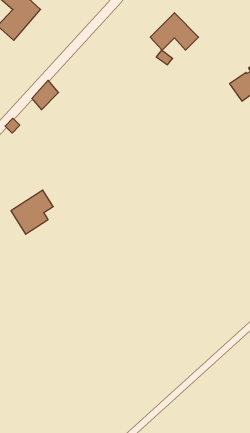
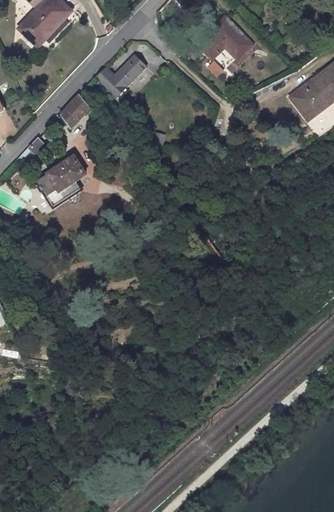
building: none -> [96,54,146,98]
building: [11,190,53,234] -> [37,154,86,205]

